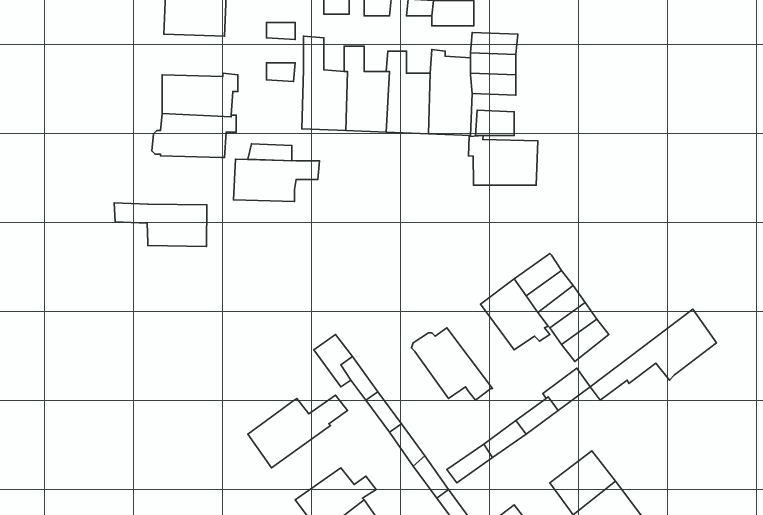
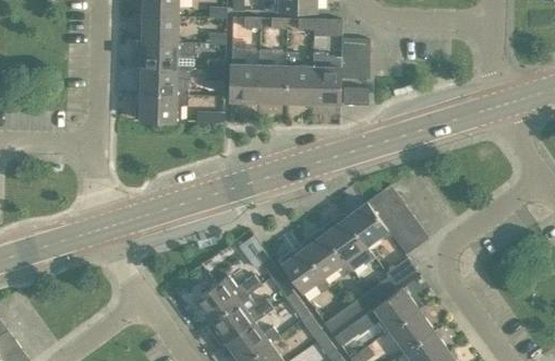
building: [469,136,538,185] -> none
building: [234,159,320,201] -> [140,41,195,69]
building: [114,203,207,246] -> none
building: none -> [323,216,375,270]
building: [590,309,717,400] -> [336,289,418,348]
building: none -> [278,246,331,293]
building: none -> [209,294,272,342]

